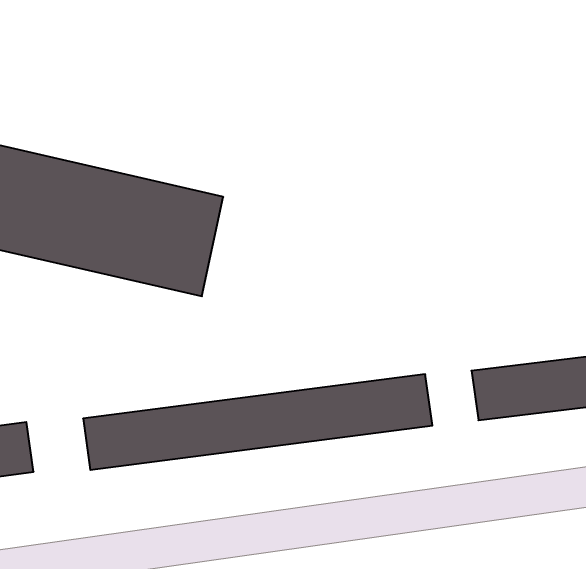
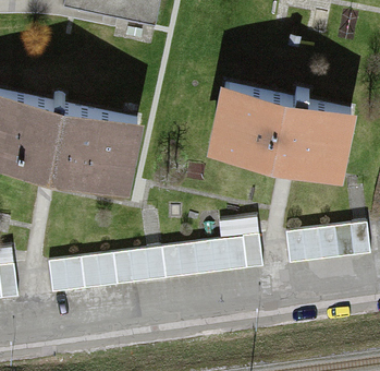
building: none -> [205,88,353,187]

